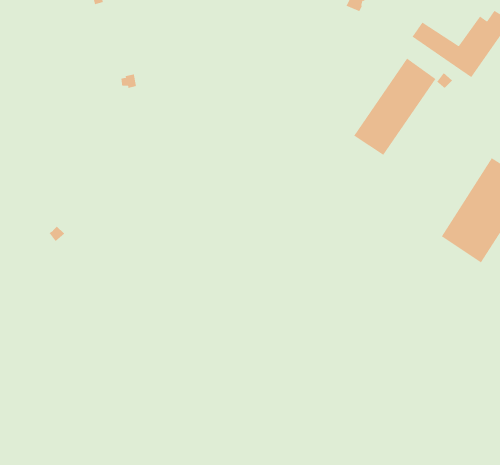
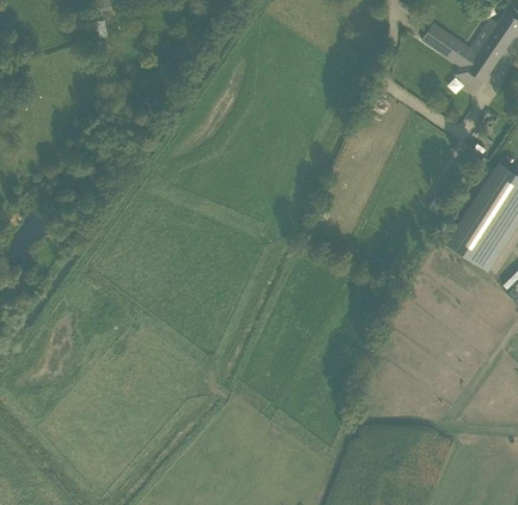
building: [353,58,437,156] -> none

